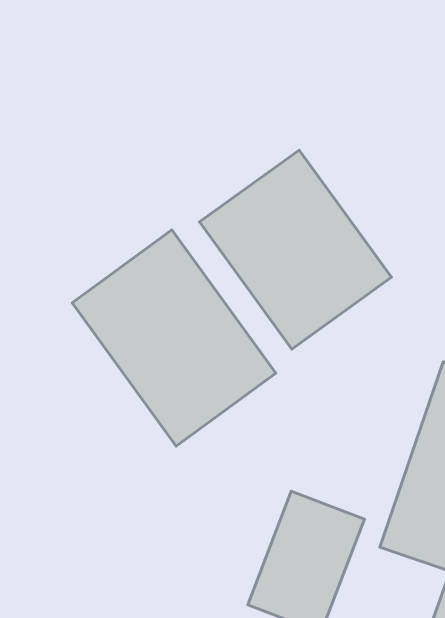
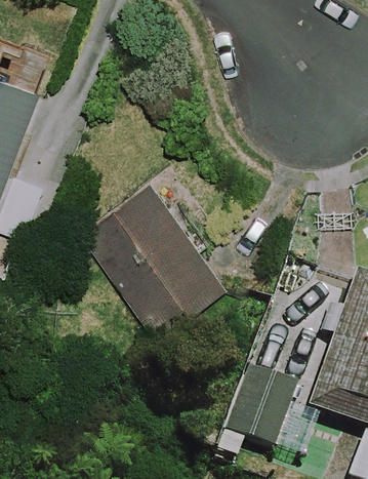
building: [199,150,392,349] -> none

